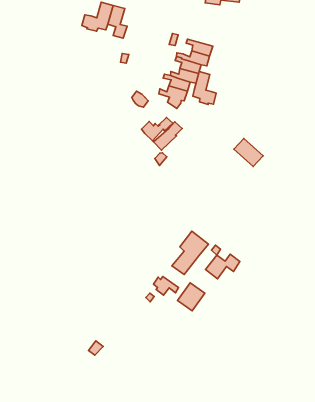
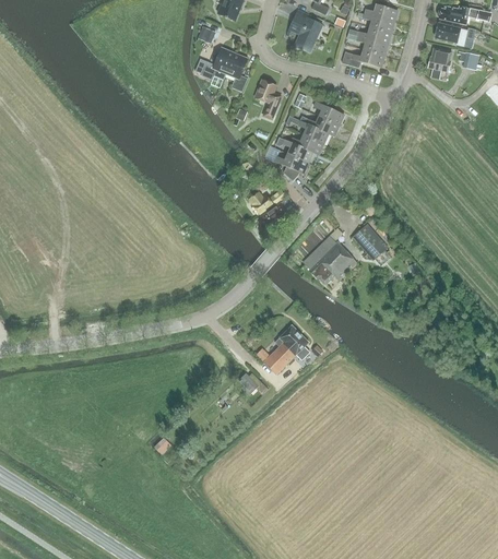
building: none -> [254,79,281,118]
building: [193,71,216,104] -> none
building: none -> [303,235,356,284]
building: [206,254,240,279] -> none
building: [177,283,205,311] -> none

